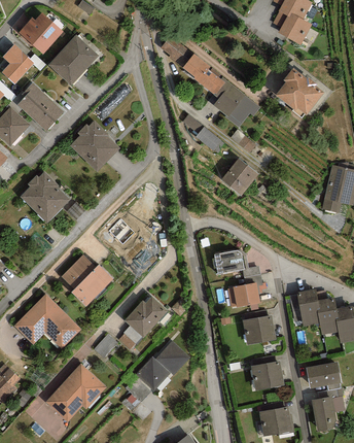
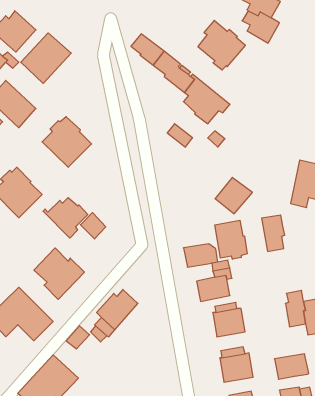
building: [276,67,324,117] -> [198,20,245,70]
building: [220,158,258,195] -> [215,177,252,214]
building: none -> [43,198,88,238]
building: none -> [215,220,247,259]
building: [296,288,320,326] -> [262,215,285,251]
building: [135,340,189,390] -> none

